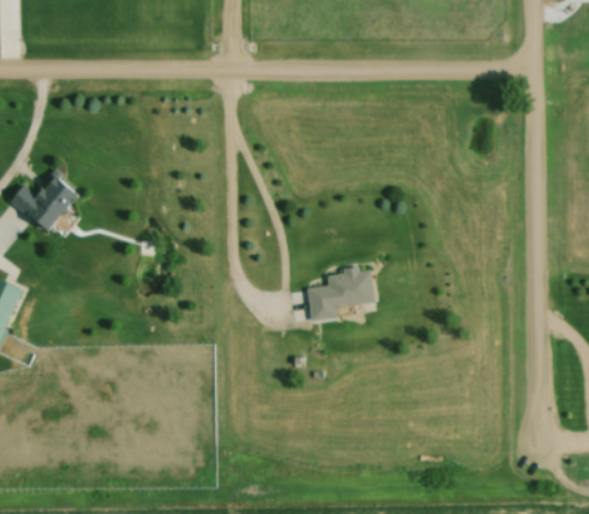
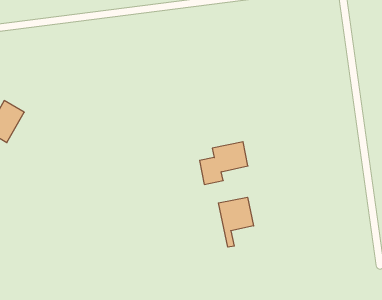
building: none -> [218,197,254,247]

